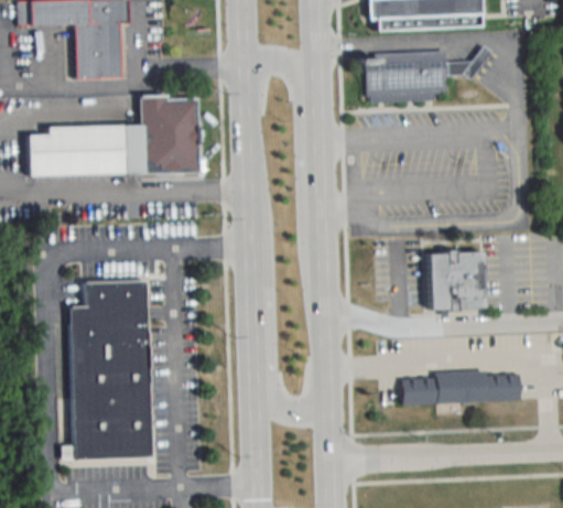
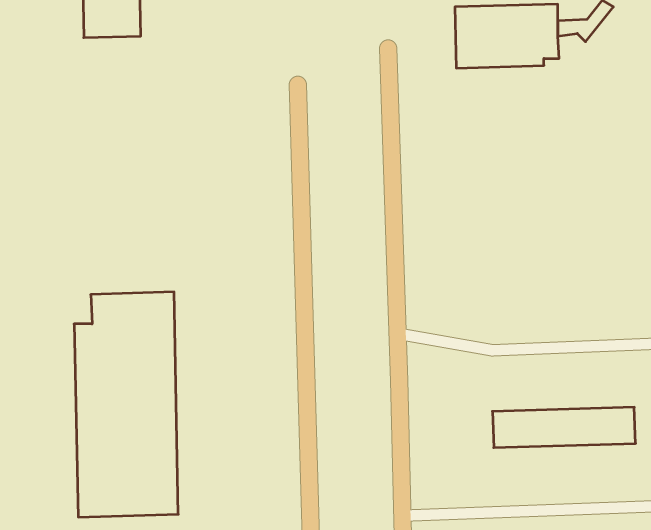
building: [28,96,198,176] -> none
building: [425,251,483,310] -> none

